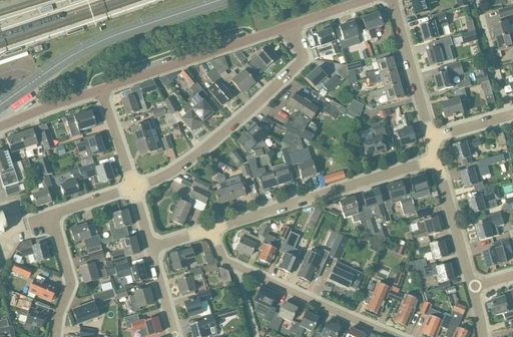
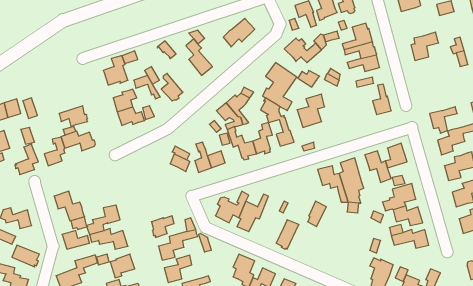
building: [428,36,453,64] -> none
building: [219,69,254,92] -> none
building: [442,86,468,116] -> none
building: [186,93,213,121] -> none
building: [66,110,95,135] -> none
building: [361,122,389,156] -> [297,94,325,127]
building: [168,195,196,225] -> none
building: [108,209,131,240] -> none
building: [278,228,301,273] -> none
building: [329,260,364,289] -> none
building: [364,281,400,313] -> none

